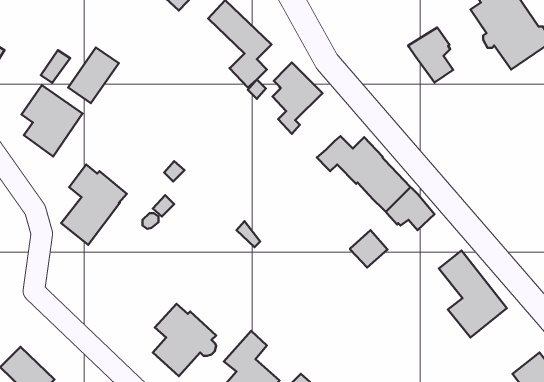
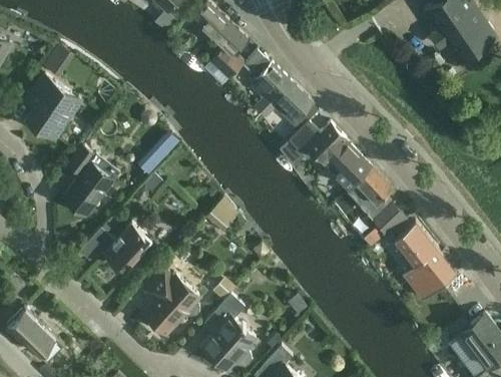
building: [408,27,453,82] -> none
building: [68,48,119,103] -> none
building: none -> [269,83,313,119]
building: [350,230,388,268] -> [372,202,405,235]
building: none -> [78,223,151,267]

